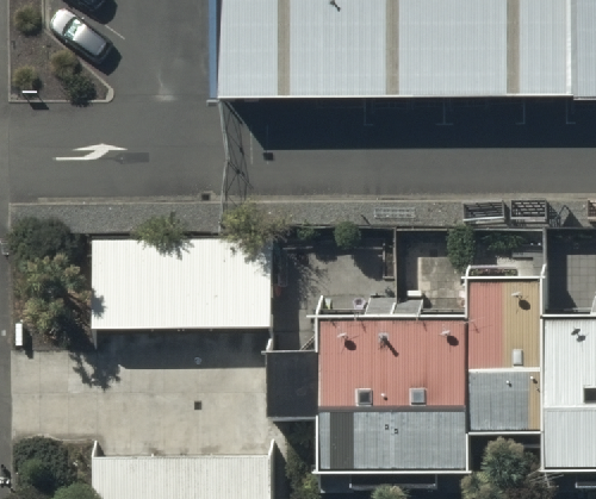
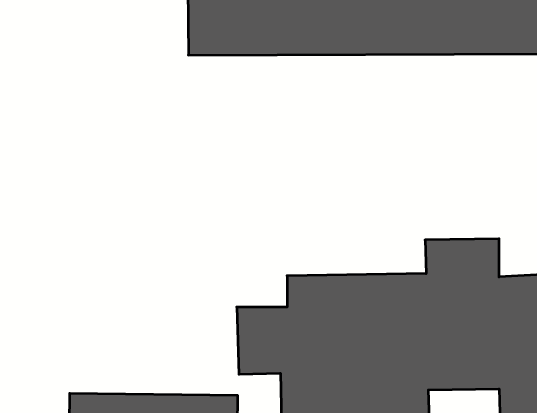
building: [92,229,273,331] -> none

